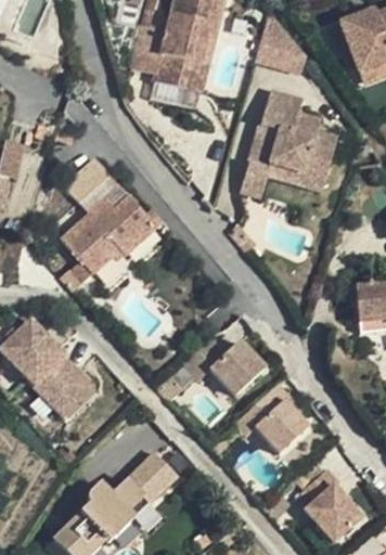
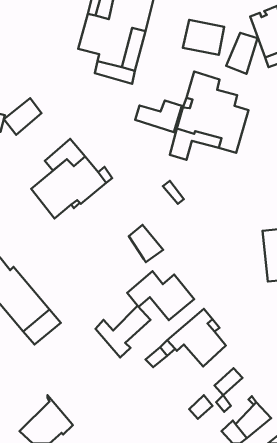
building: none -> [226,33,258,74]
building: none -> [135,101,182,132]
building: [69,155,116,201] -> [4,98,41,135]
building: none -> [129,225,163,262]
building: [88,463,156,527] -> [96,306,151,358]

